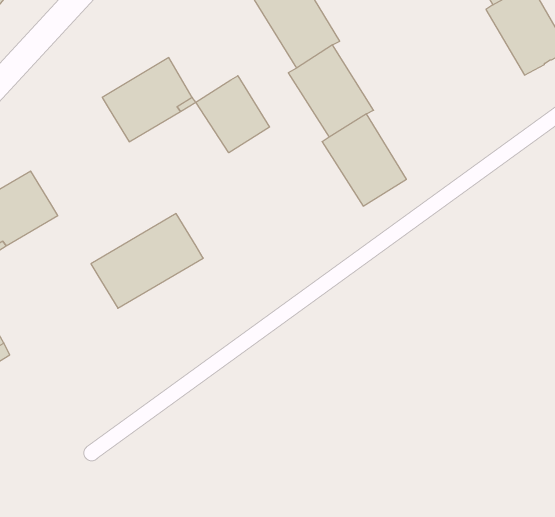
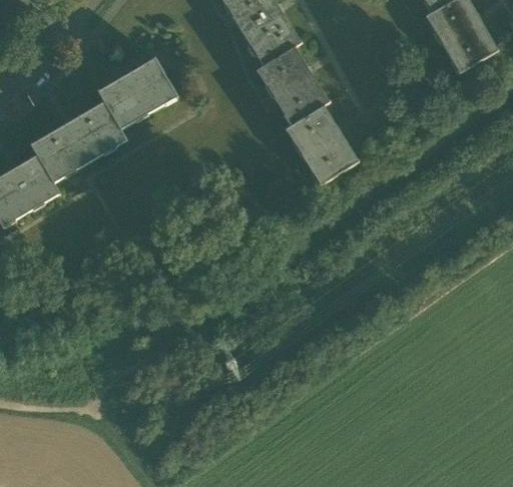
building: [196,76,270,153] -> none
building: [91,214,203,308] -> [29,101,125,182]

